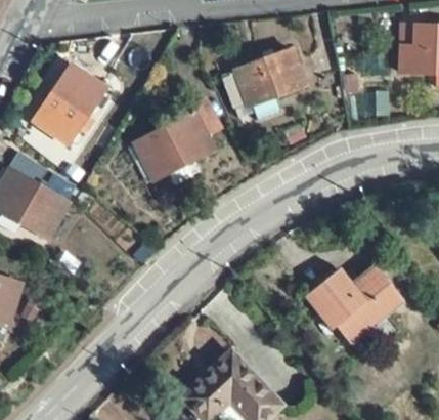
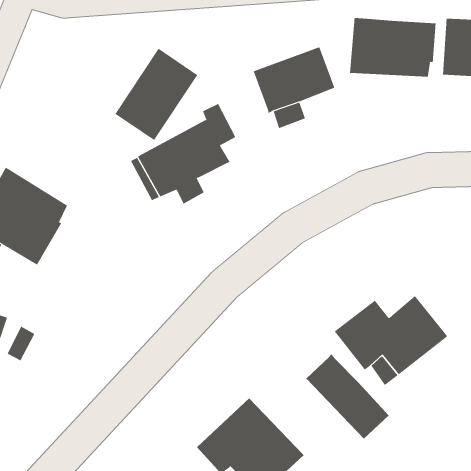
building: none -> [349,17,436,77]
building: [33,62,105,143] -> [115,48,198,141]
building: none -> [305,353,389,440]

